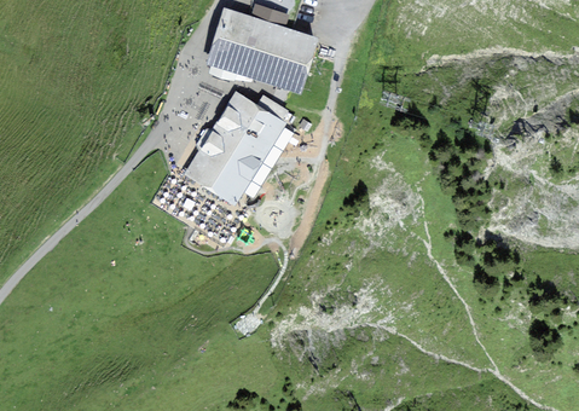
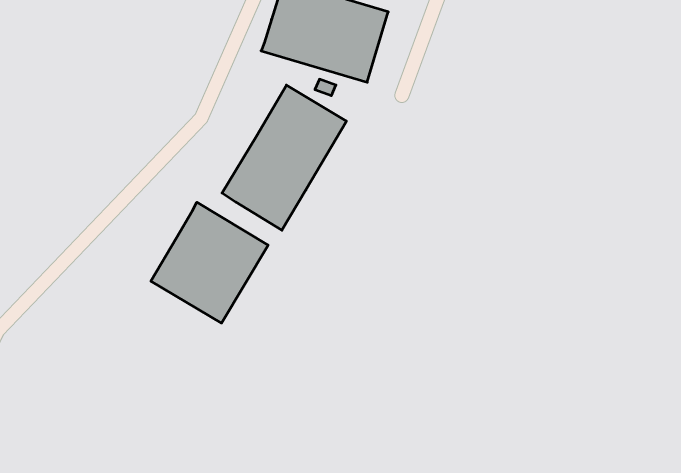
building: none -> [151,202,268,323]

